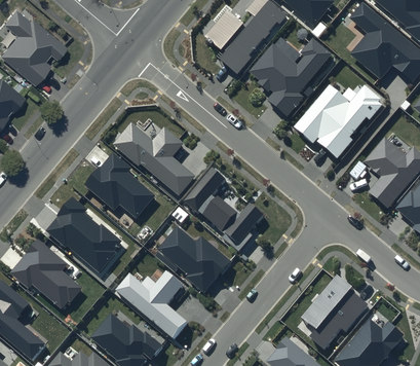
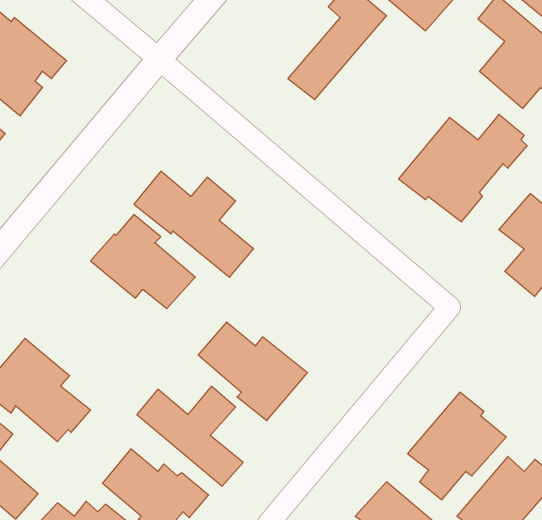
building: [204,9,242,49] -> none
building: [250,37,333,116] -> none
building: [181,166,263,250] -> none
building: [46,195,123,271] -> none

